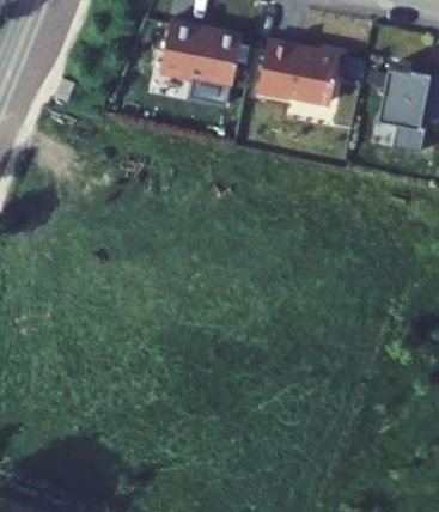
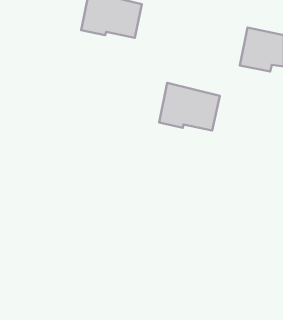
building: [250,37,334,103] -> [159,83,220,130]

